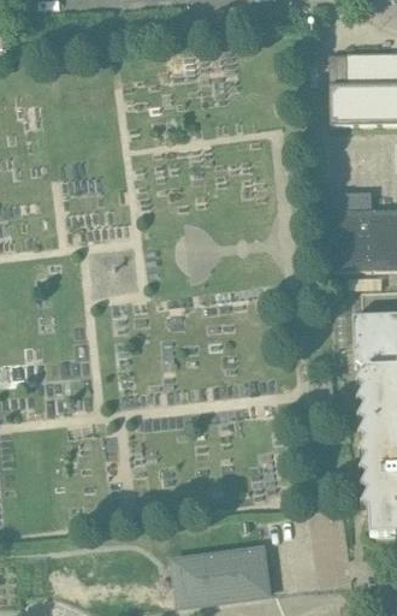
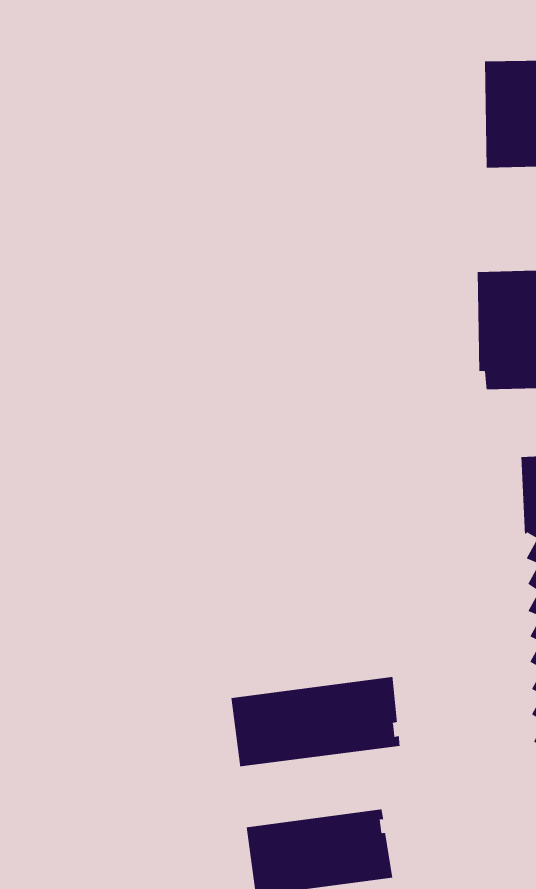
building: none -> [231,676,400,767]

